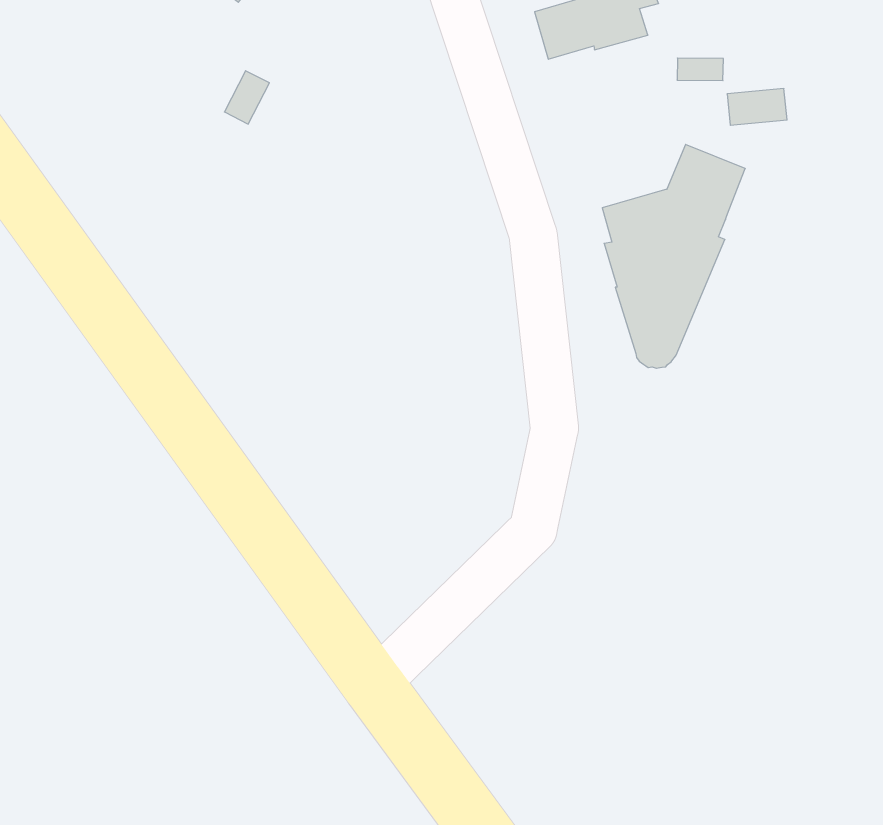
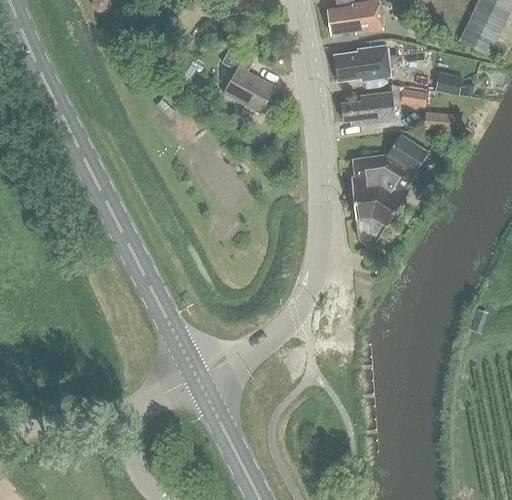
building: none -> [435,70,463,95]
building: none -> [222,46,274,112]
building: none -> [341,91,396,124]

